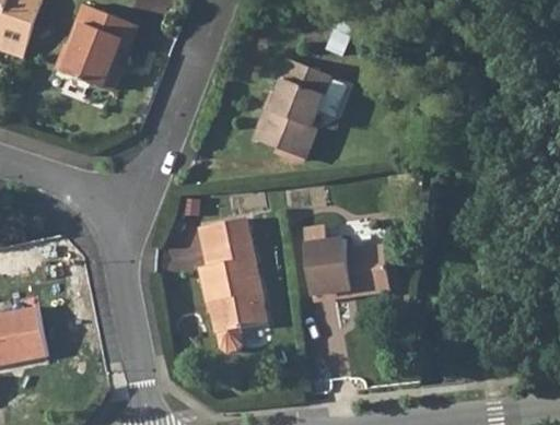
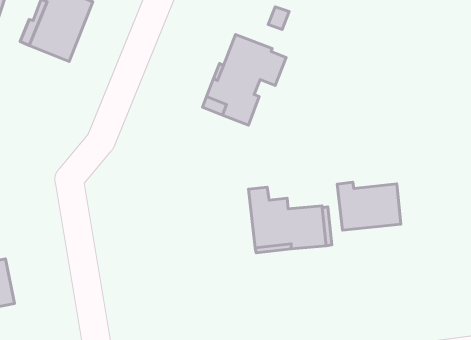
building: [199,219,266,353] -> none
building: none -> [337,182,401,230]

